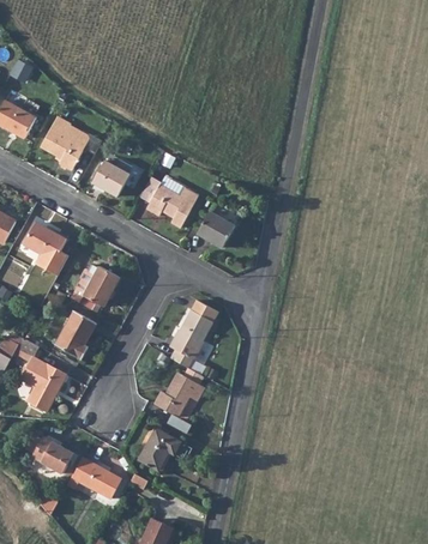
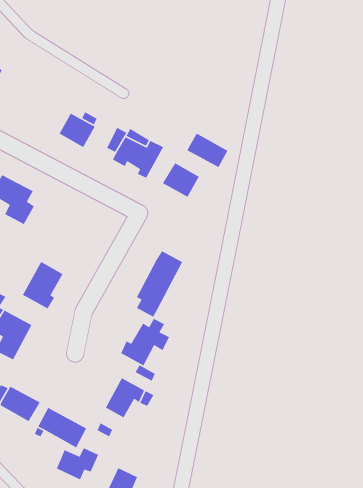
building: [41,116,89,170] -> none
building: none -> [186,133,229,168]
building: [71,265,120,307] -> none
building: none -> [56,447,99,481]

